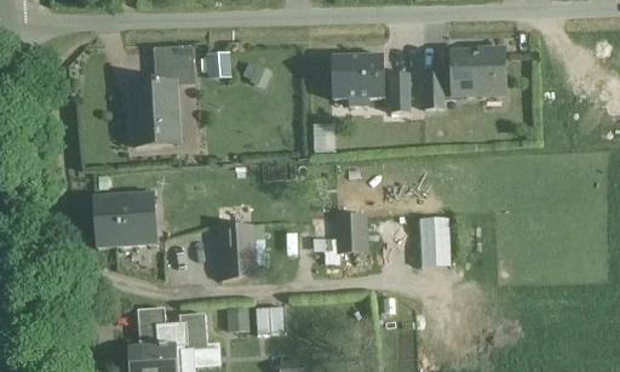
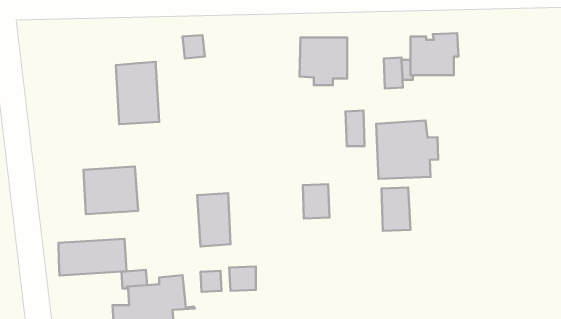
building: [153,44,195,84] -> none
building: [388,71,408,110] -> [346,111,365,146]
building: none -> [376,121,438,179]
building: none -> [59,239,126,276]

